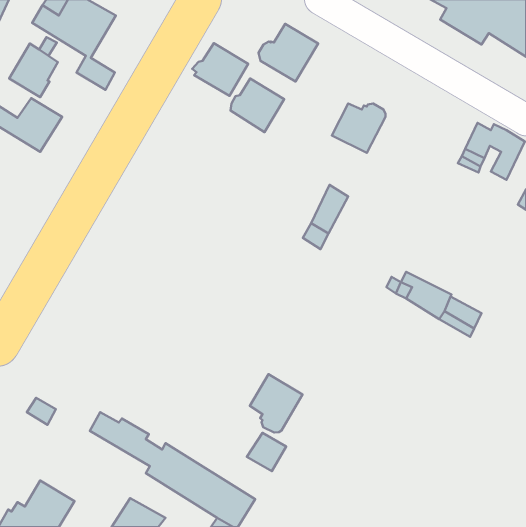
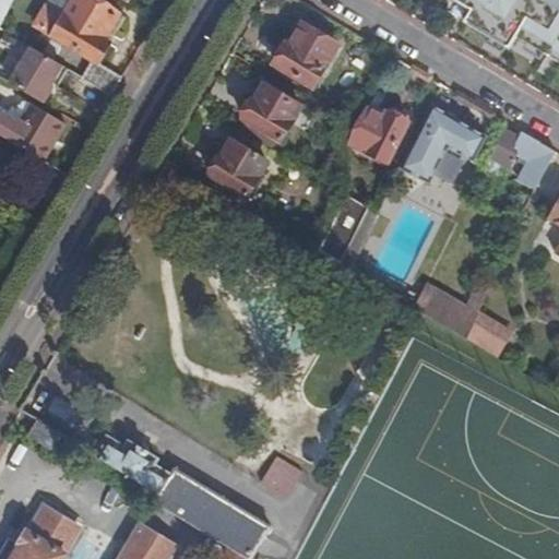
building: [192,43,248,96] -> [207,139,266,194]
building: none -> [401,103,487,181]
building: [250,374,302,433] -> none

